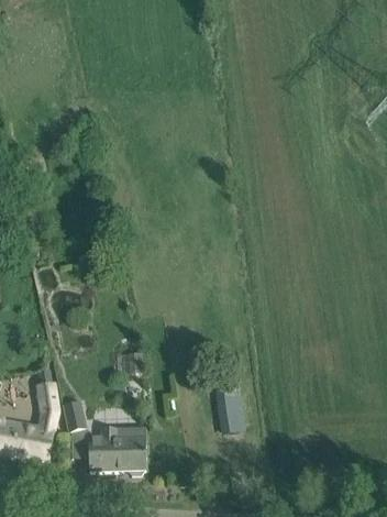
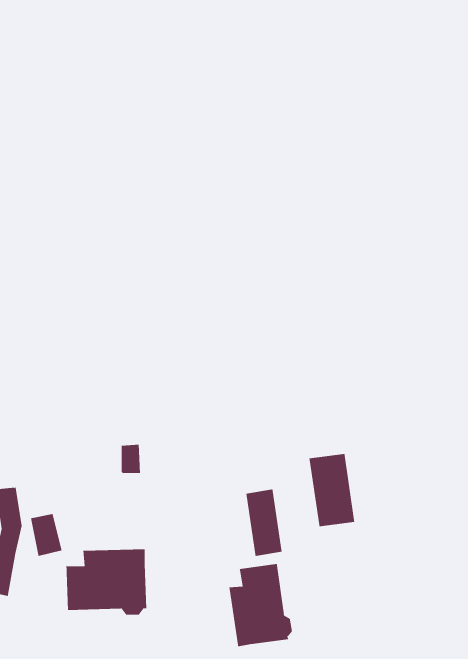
building: none -> [309,453,355,527]
building: none -> [229,563,293,647]

